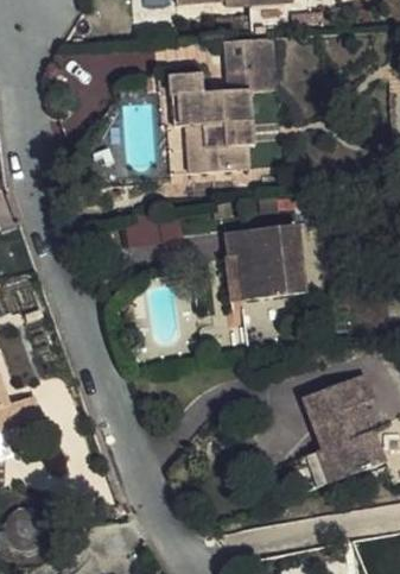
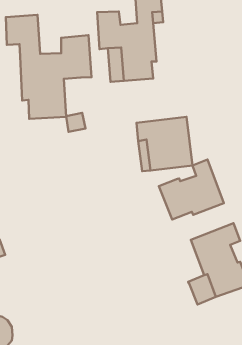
building: none -> [6,15,91,119]
building: none -> [159,160,224,220]

